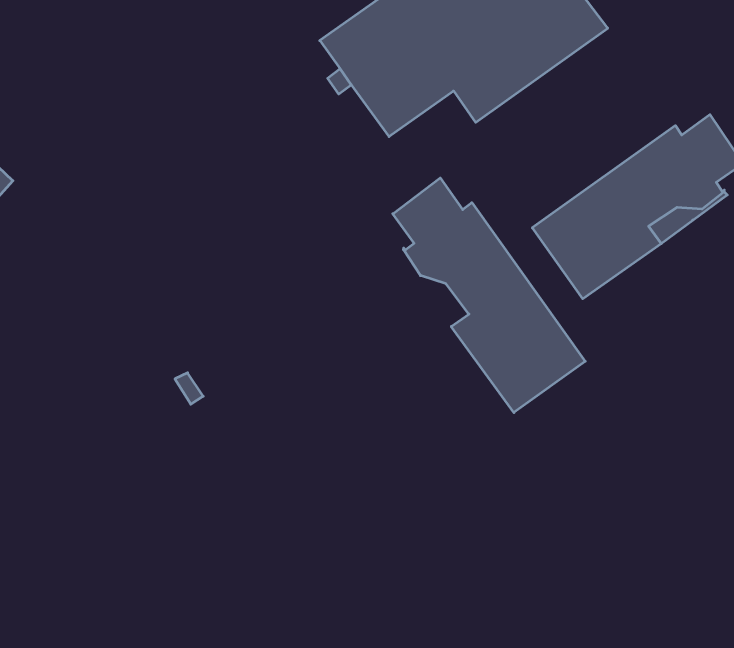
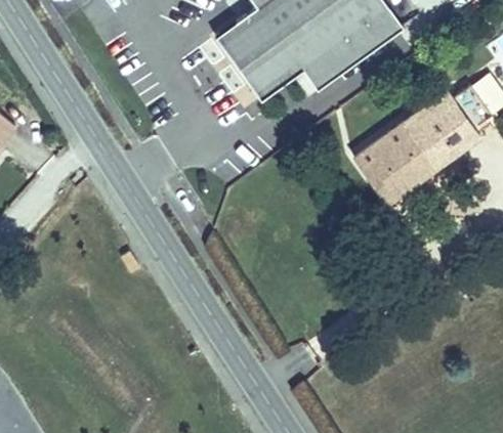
building: [393,178,585,413] -> none

